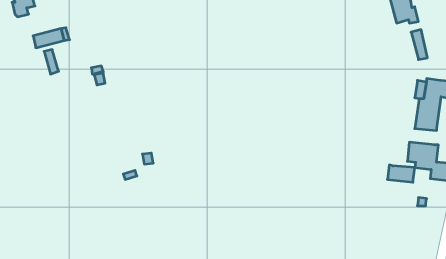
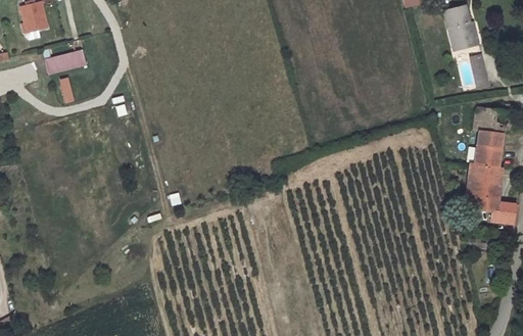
building: [387,165,415,182] -> [468,163,498,183]

